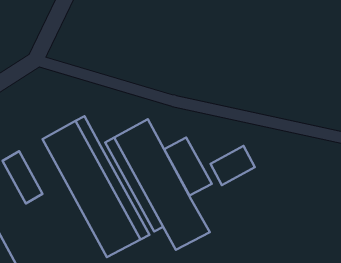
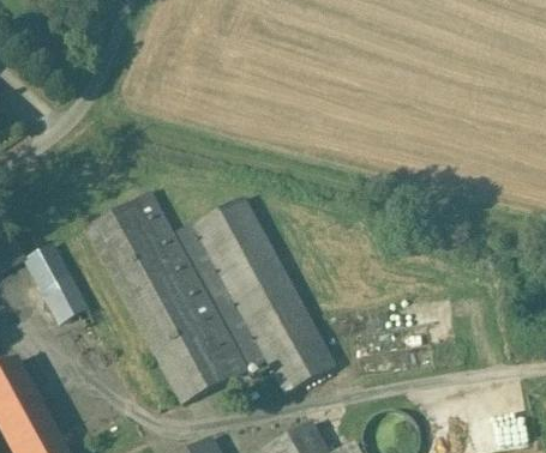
building: [164,137,212,196] -> none
building: [210,146,255,185] -> none

